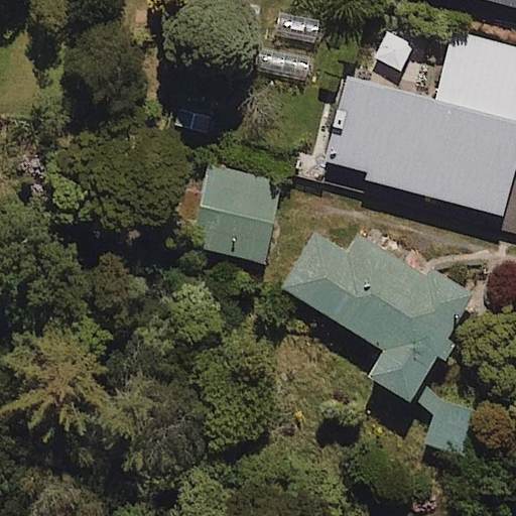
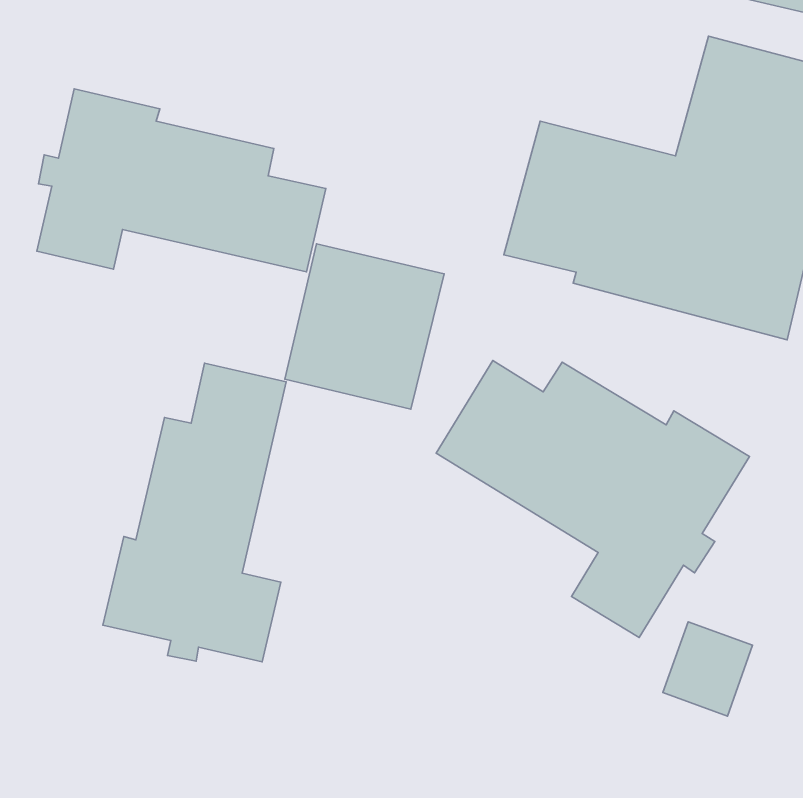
building: none -> [37,89,326,272]
building: none -> [103,363,286,662]

